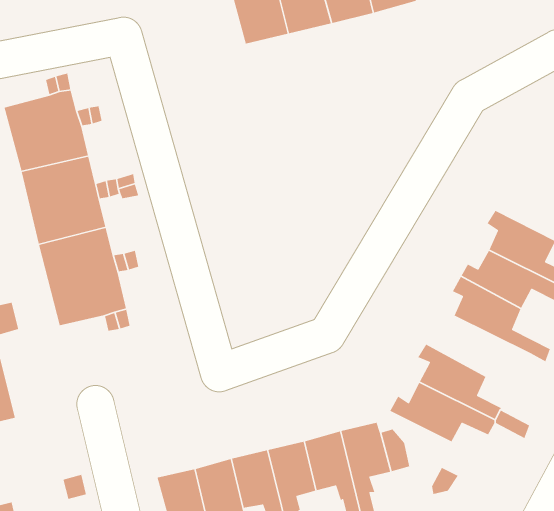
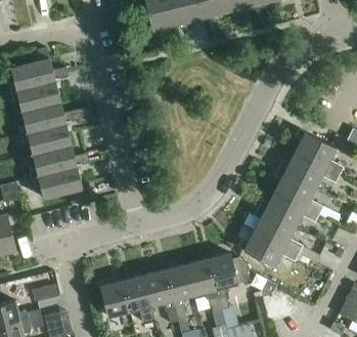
building: none -> [259,192,320,227]

